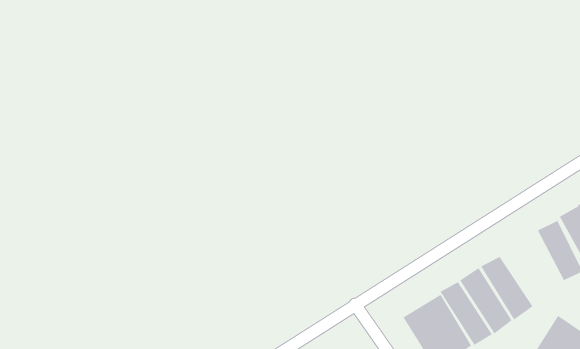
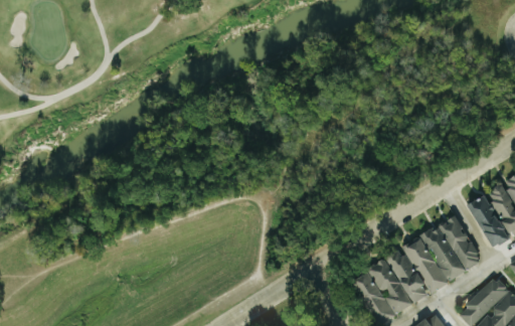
building: none -> [438,214,479,269]

